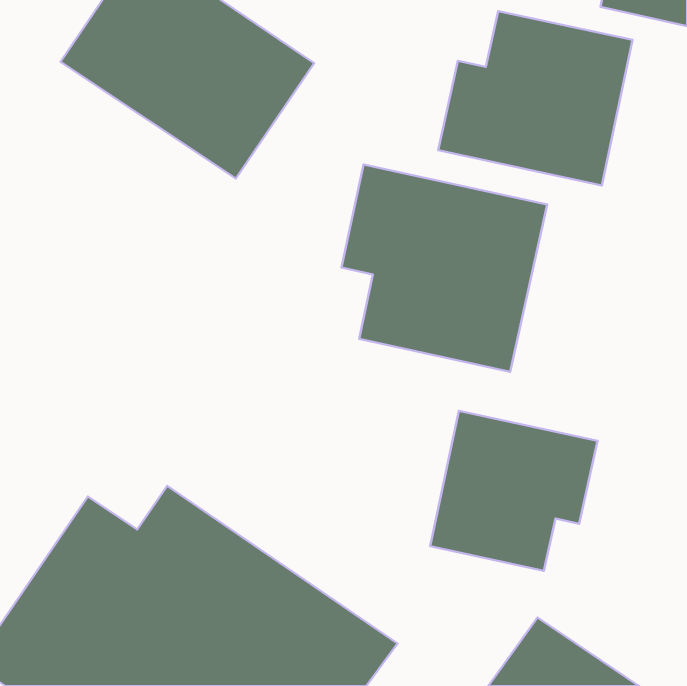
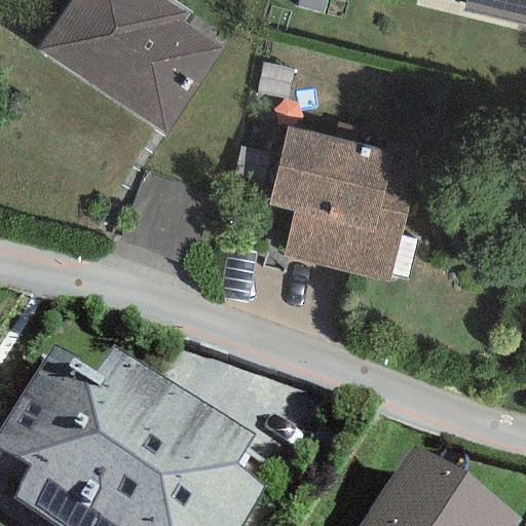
building: [438,11,633,185] -> none
building: [430,411,597,571] -> none

